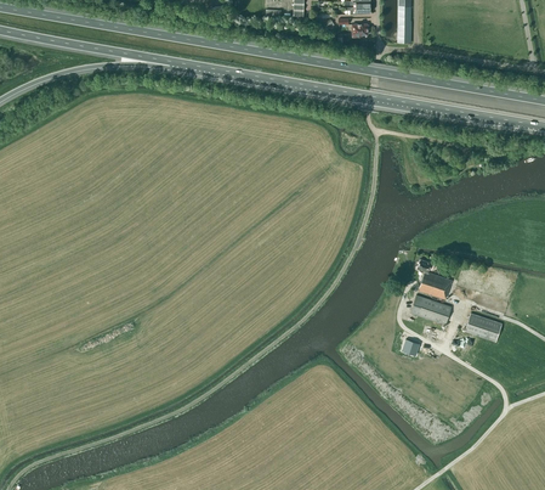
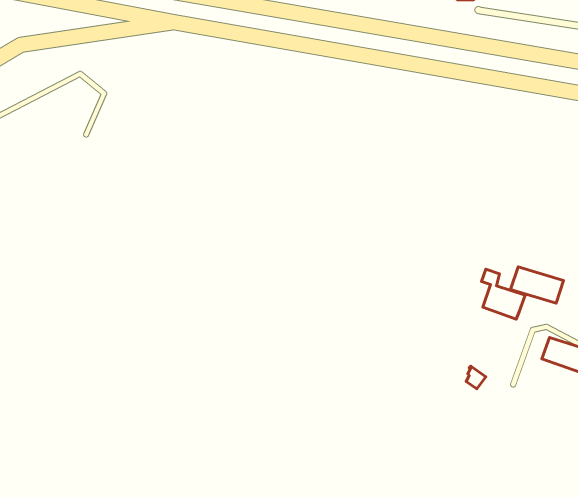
building: [409,295,452,325] -> [511,267,564,303]

